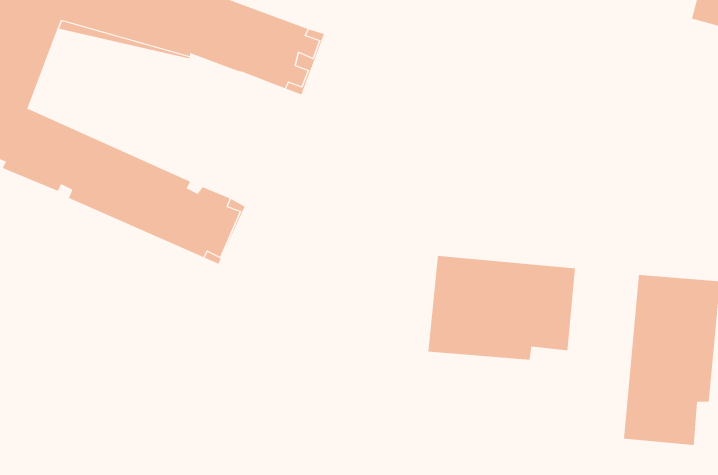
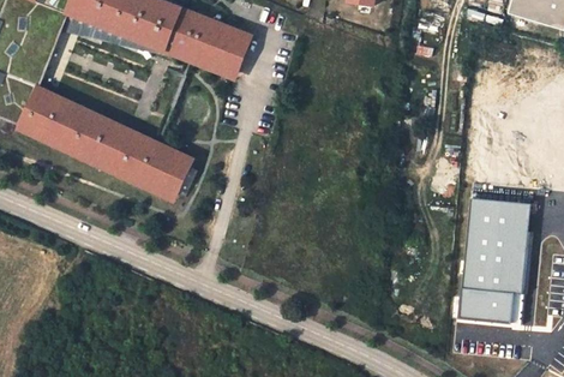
building: [428,255,575,361] -> none

